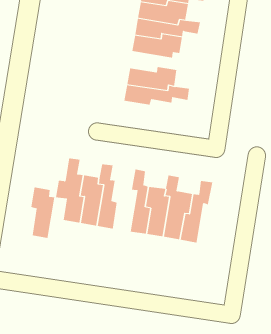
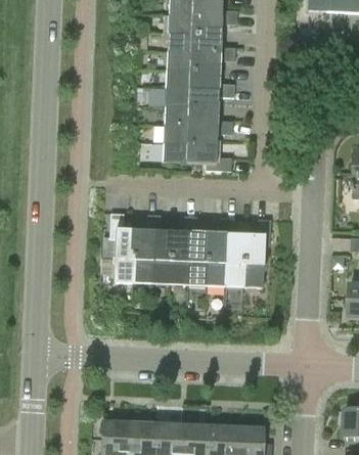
building: none -> [165,82,234,106]
building: none -> [162,137,232,170]
building: [31,187,55,238] -> [164,230,189,284]

